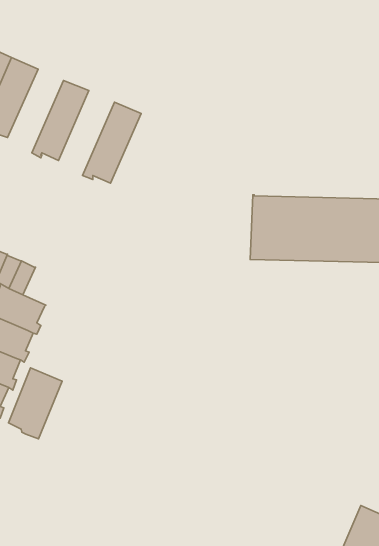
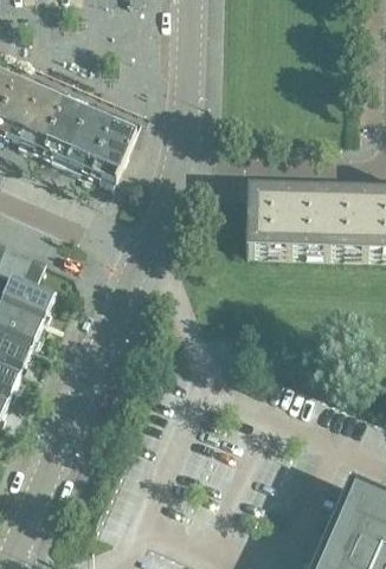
building: none -> [18,73,70,151]
building: none -> [65,93,117,173]
building: [8,368,62,439] -> none

